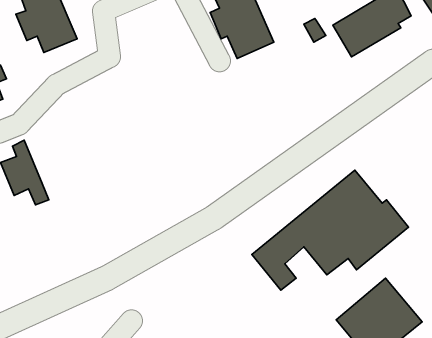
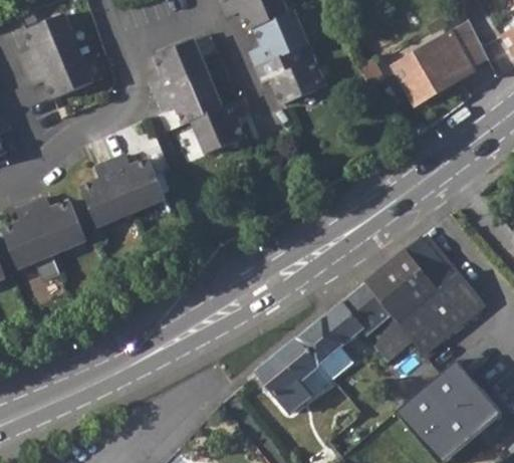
building: none -> [151,42,252,153]
building: none -> [81,154,167,226]
building: none -> [31,196,87,253]
building: none -> [257,336,333,413]

